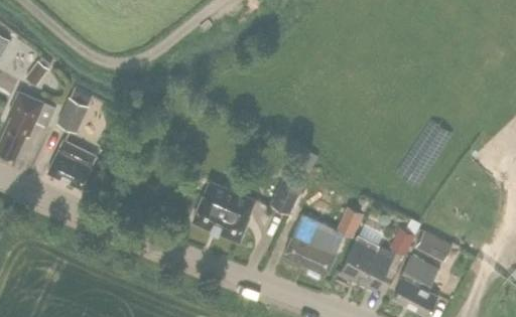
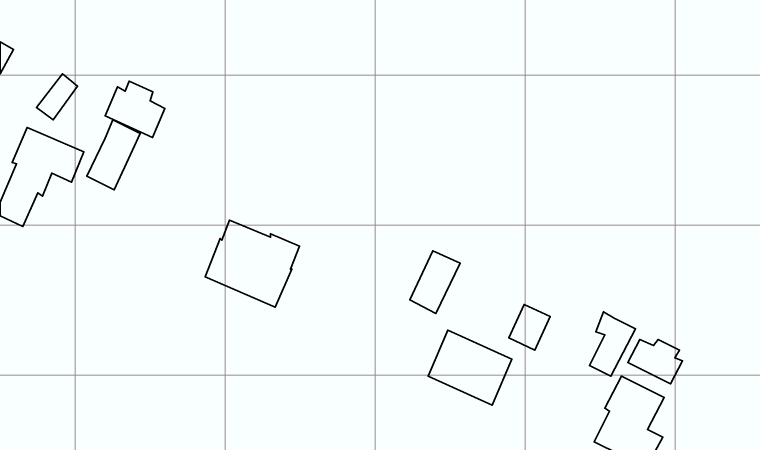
building: none -> [105,81,165,137]
building: [47,141,96,188] -> none
building: [192,183,255,241] -> [205,220,300,307]
building: [340,235,393,291] -> none

